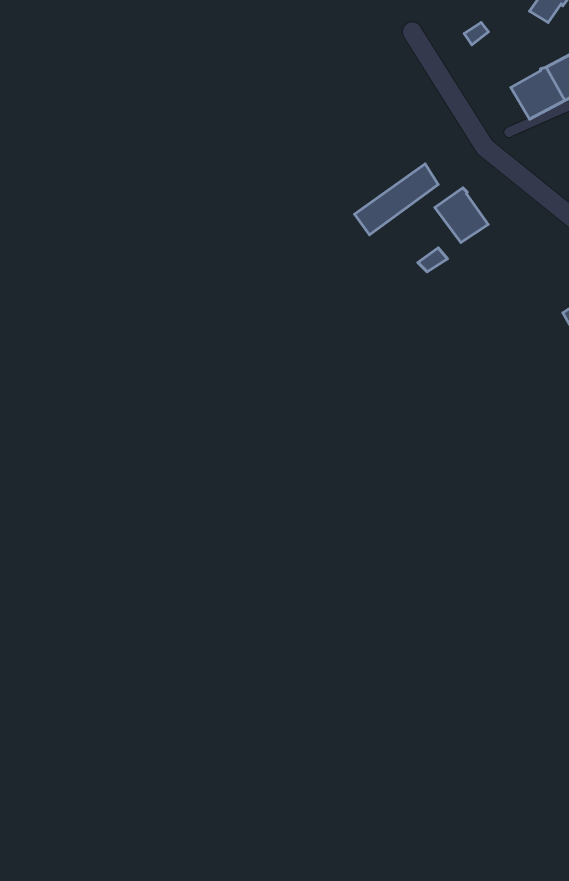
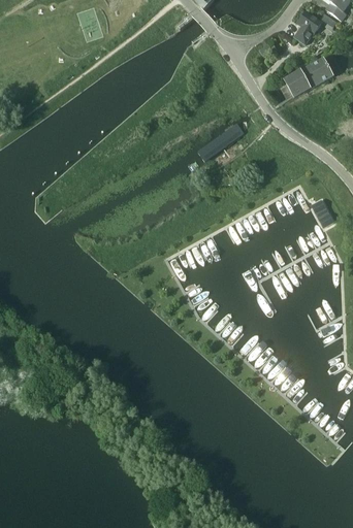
building: [435,188,488,243] -> none

